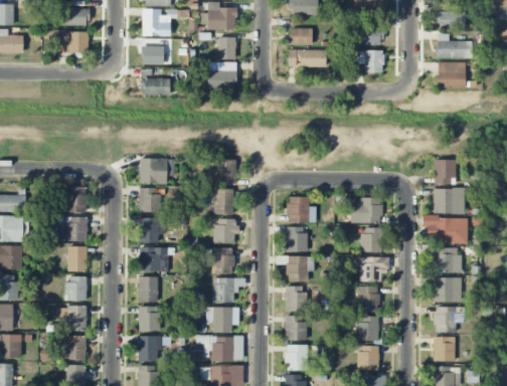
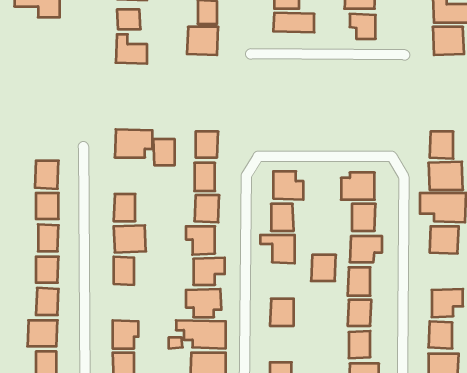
building: [140,188,160,212] -> [153,139,175,165]
building: [435,277,455,303] -> none
building: [285,286,308,311] -> [311,255,336,281]
building: [139,307,160,331] -> none
building: [286,345,309,371] -> none

